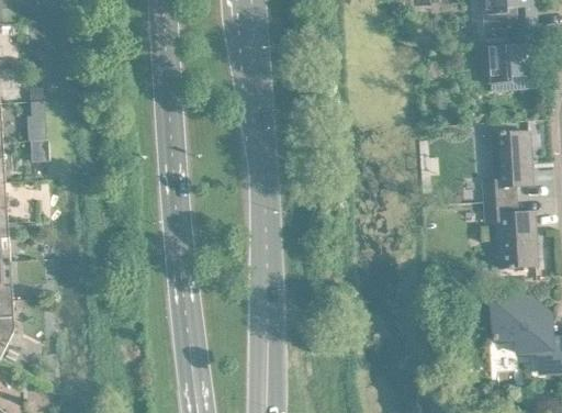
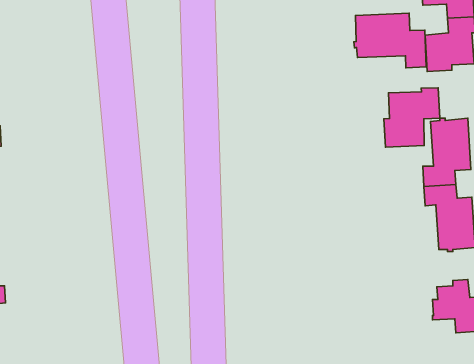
building: none -> [354,13,426,68]
building: none -> [384,88,440,147]

